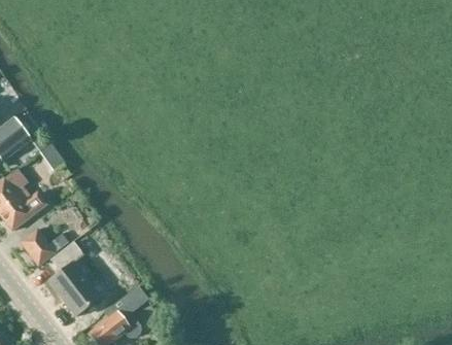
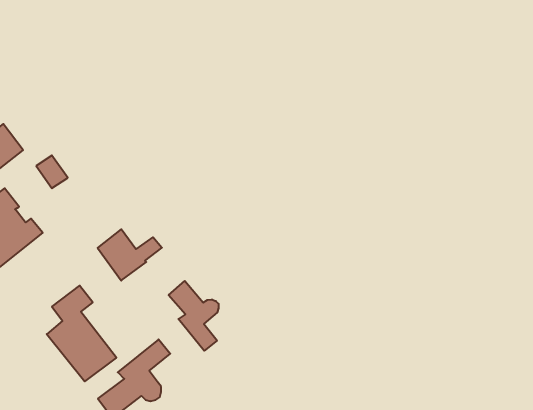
building: [20,226,70,266] -> [98,229,162,281]
building: none -> [169,281,219,351]

